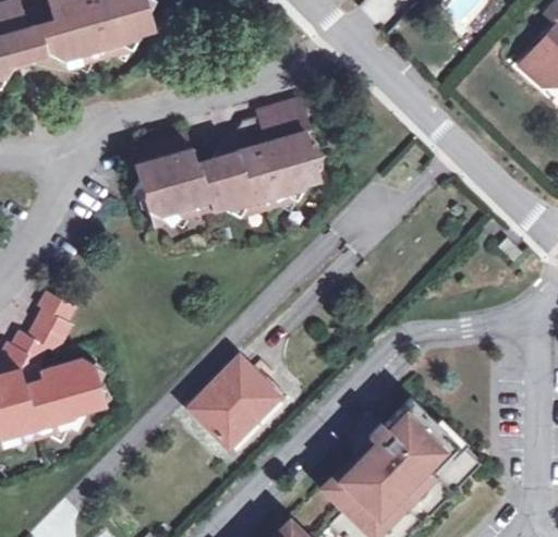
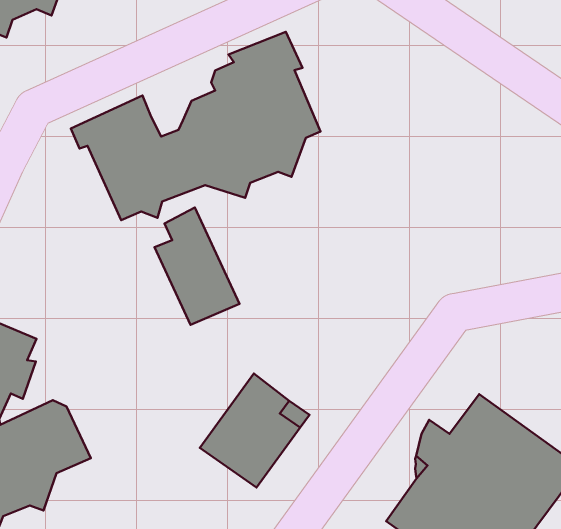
building: none -> [155,208,239,325]

